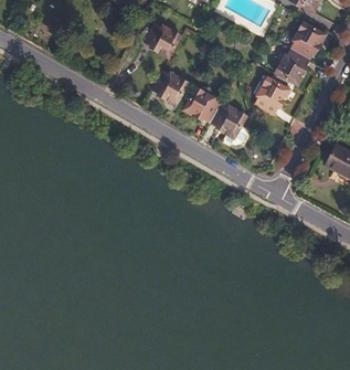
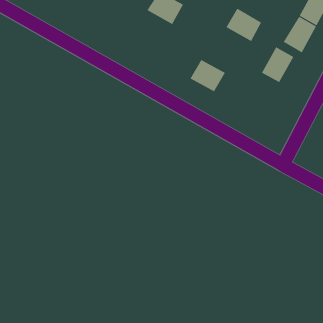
building: [150,68,185,103] -> none
building: [210,103,245,136] -> [225,8,262,42]

